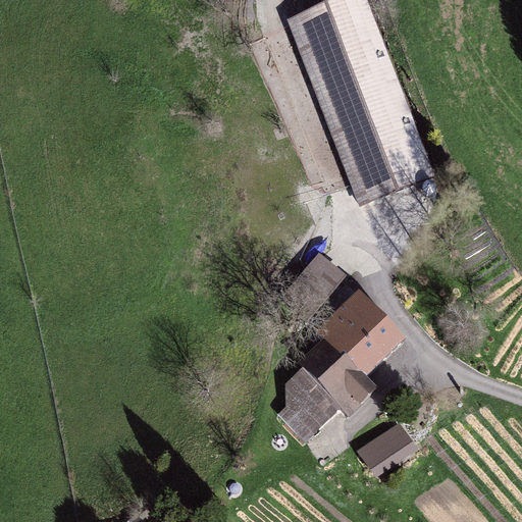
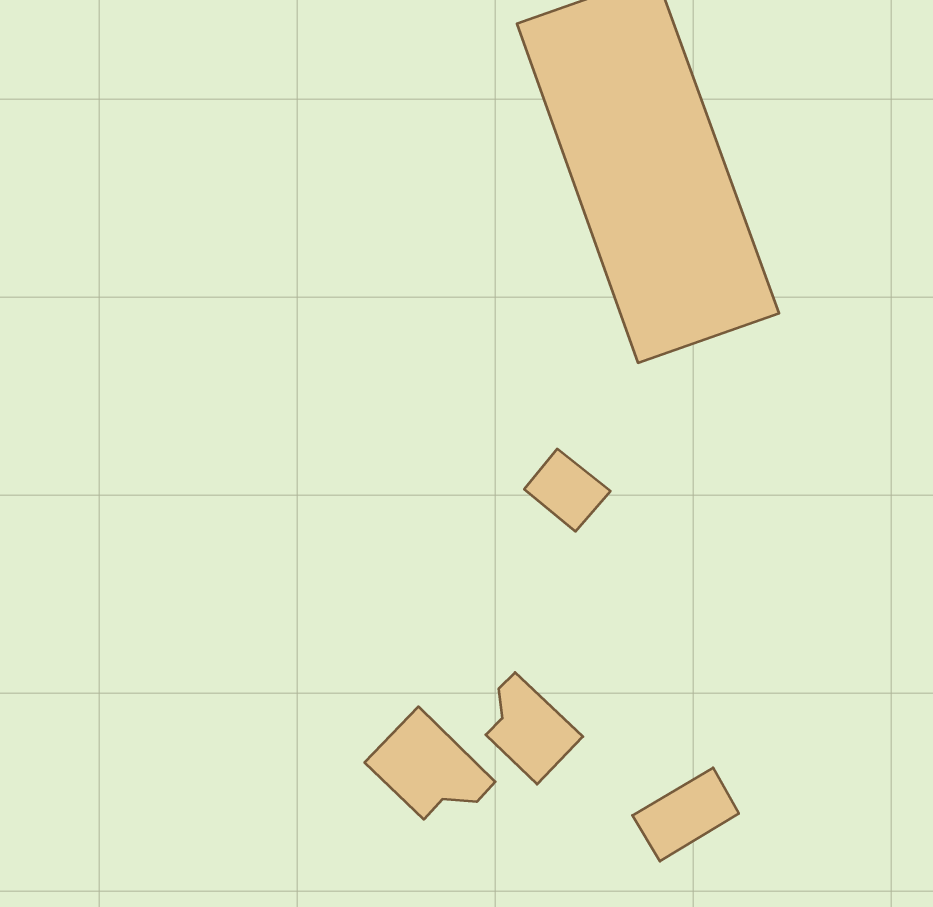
building: [294,296,406,409] -> none
building: none -> [365,707,495,819]

